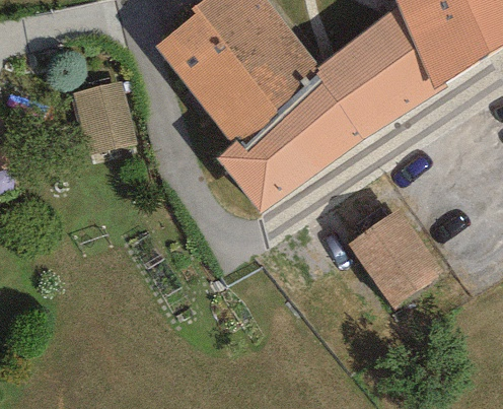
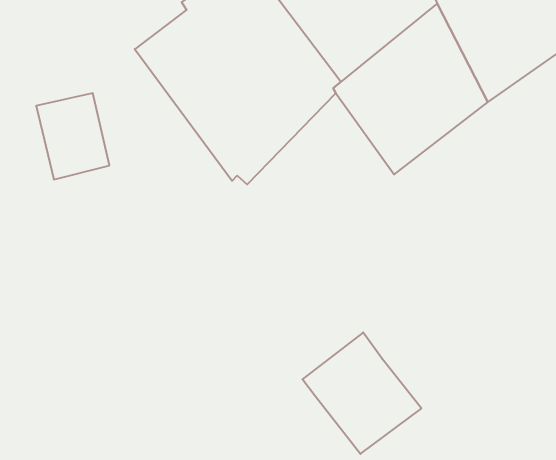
building: [219,77,362,214] -> none
building: [349,210,444,308] -> [302,332,421,454]

